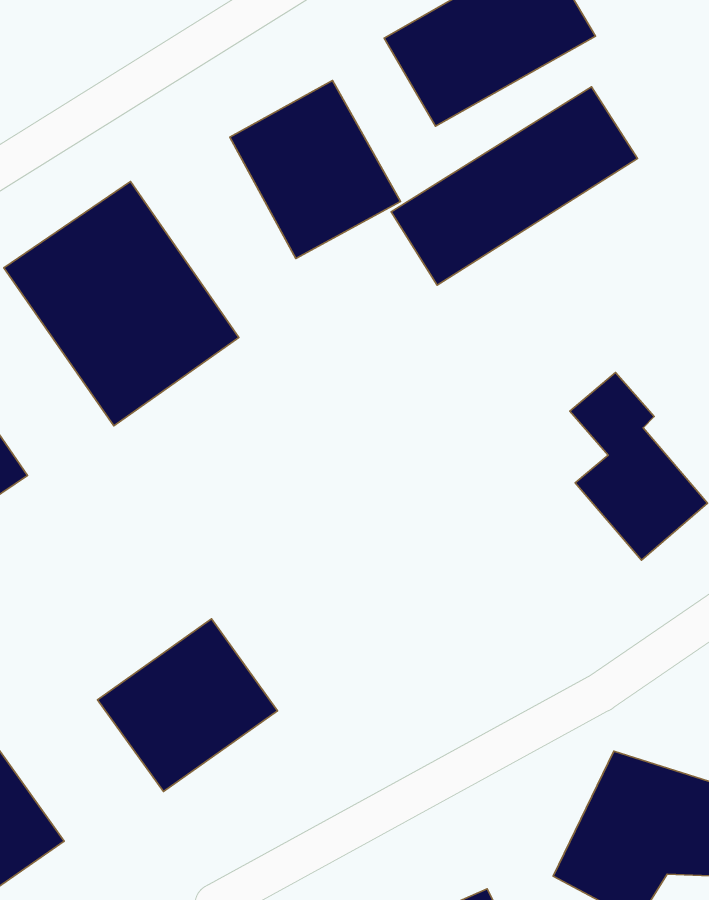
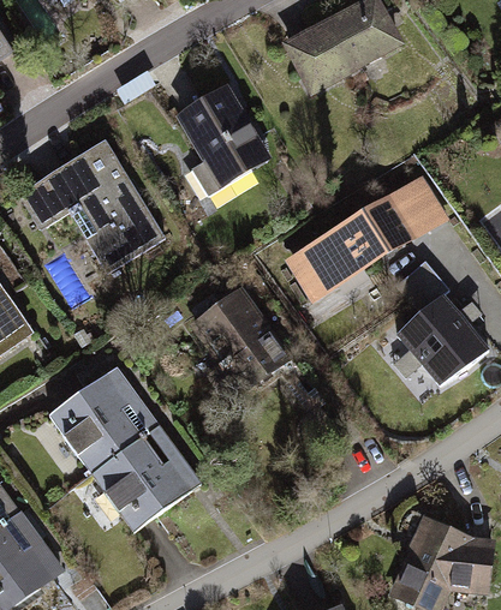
building: [391,87,637,285] -> [287,175,448,305]
building: none -> [187,276,303,394]
building: none -> [42,366,159,477]

